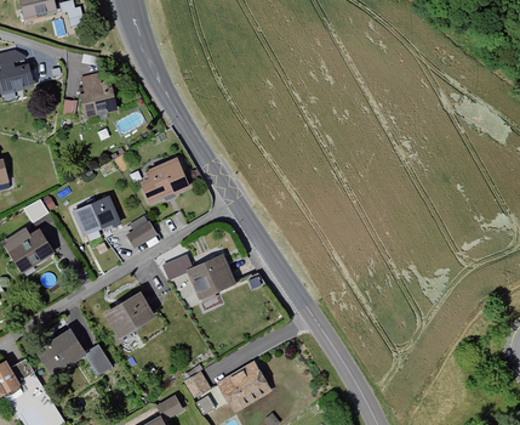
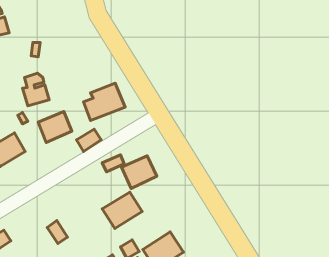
building: [80,73,116,118] -> [23,73,49,106]
building: [101,289,155,339] -> [102,192,142,228]
building: [34,327,85,374] -> none

